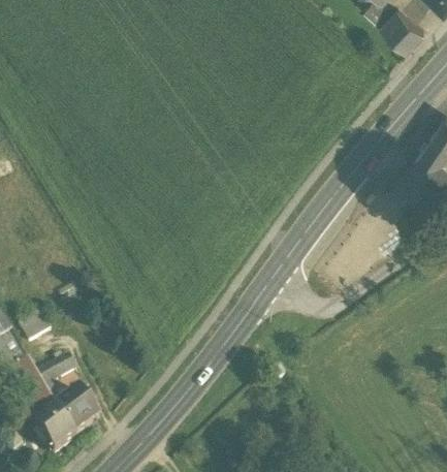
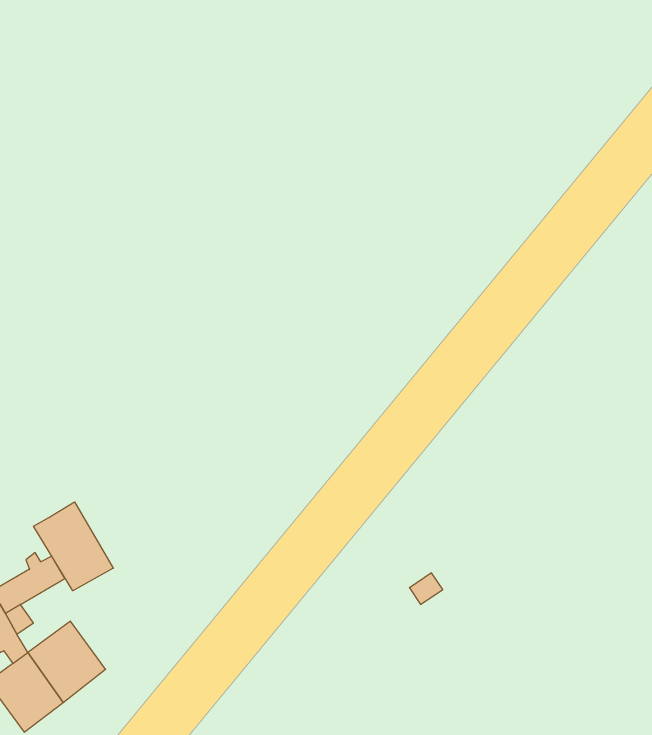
building: none -> [34,502,113,591]

